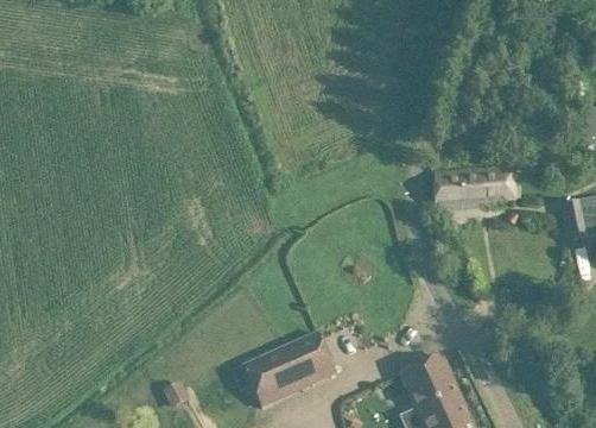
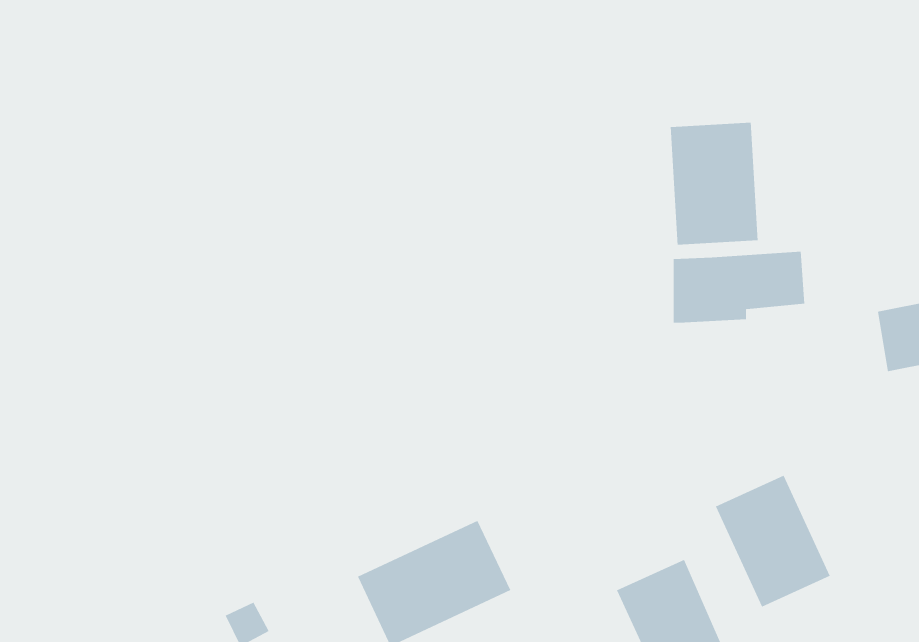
building: none -> [670,122,758,245]
building: none -> [715,475,831,608]

